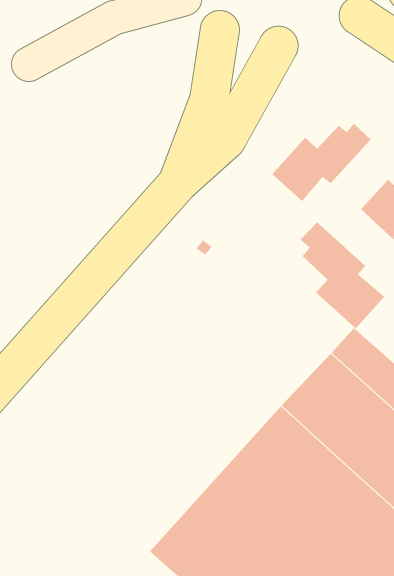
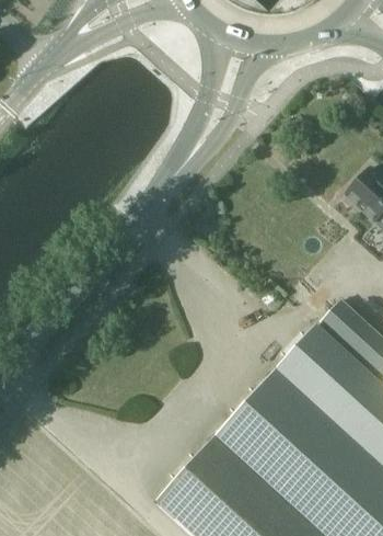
building: [272,123,371,202] -> none
building: [299,221,385,329] -> none

